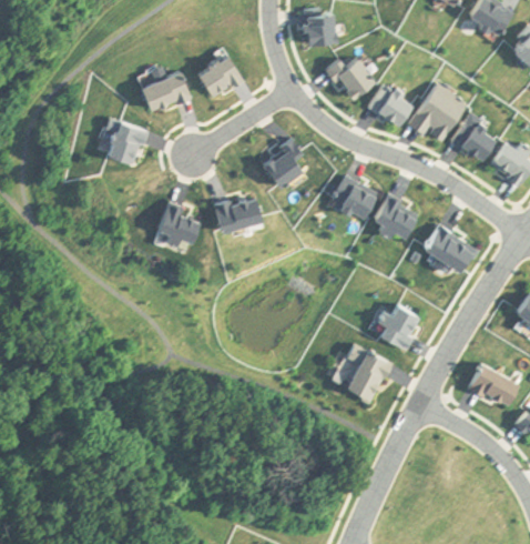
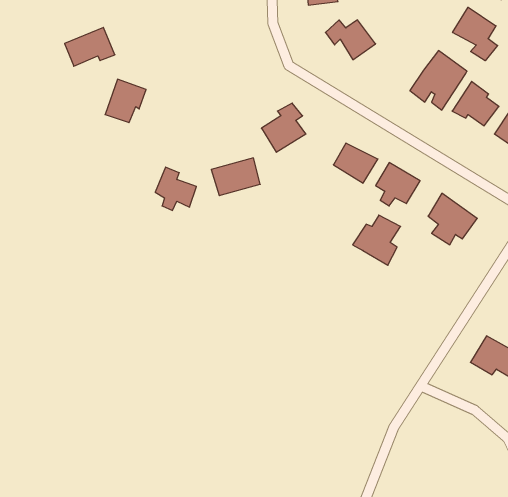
building: none -> [453,7,498,61]
building: [200,57,243,95] -> none
building: [142,69,191,107] -> [65,27,115,66]
building: [368,87,410,125] -> none
building: [371,304,418,353] -> [353,215,401,265]
building: [330,344,390,404] -> none

